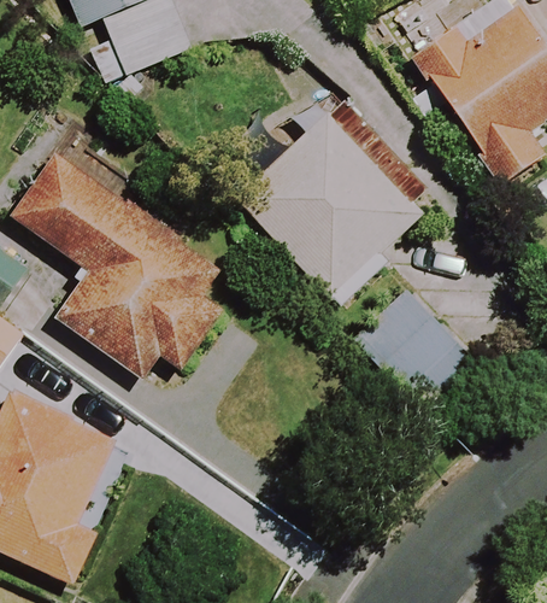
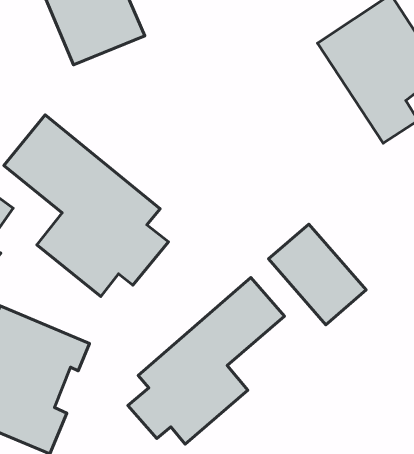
building: [235,110,435,304] -> none
building: none -> [128,277,284,444]

